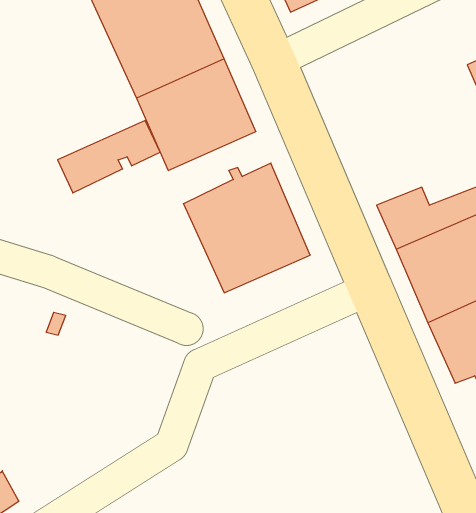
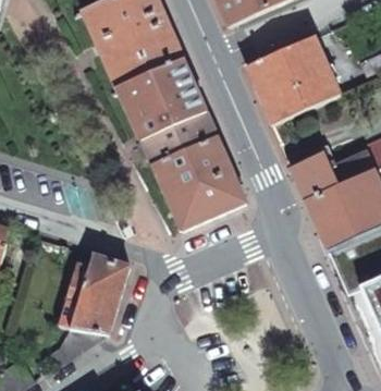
building: none -> [247,36,341,124]
building: [58,121,160,193] -> [142,113,216,166]
building: none -> [51,254,130,365]

